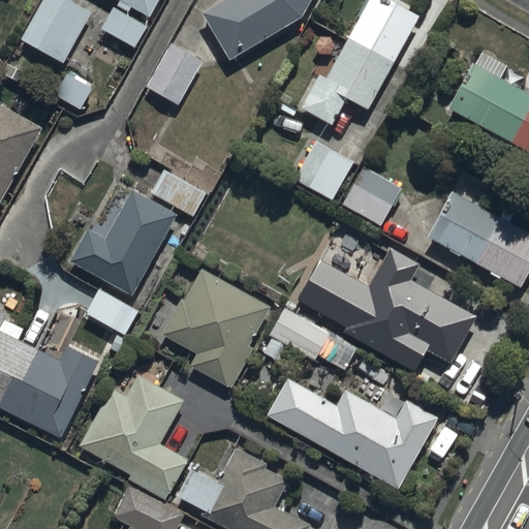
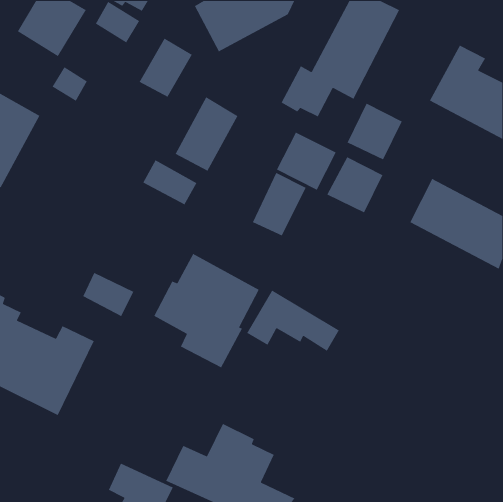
building: none -> [175,96,239,172]
building: none -> [347,102,403,160]
building: none -> [252,172,307,236]
building: [69,189,176,297] -> none
building: [294,244,476,373] -> none
building: [79,375,187,499] -> none
building: [266,376,457,488] -> none

